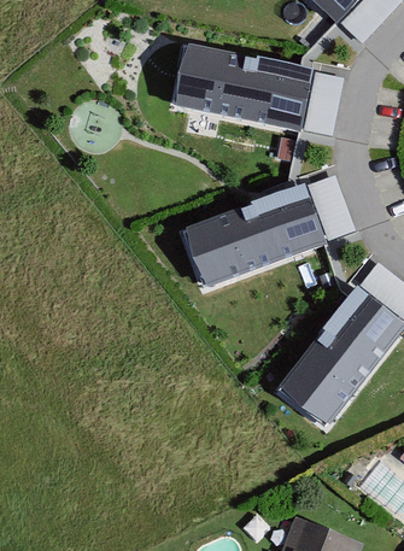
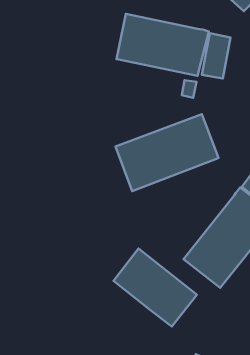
building: [306,176,352,240] -> none
building: none -> [113,248,197,326]

